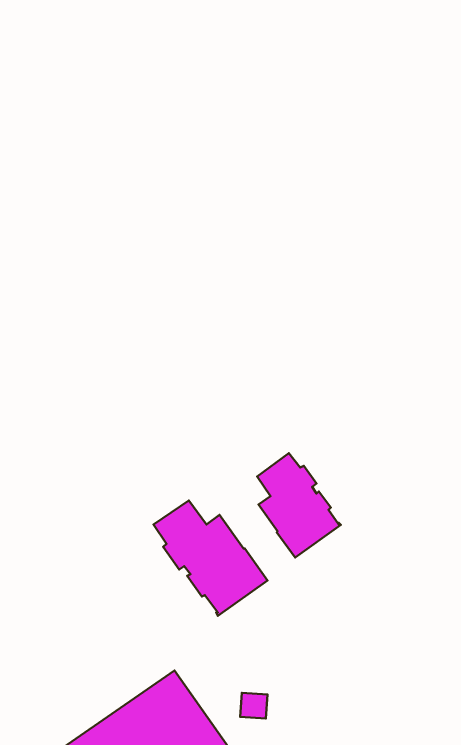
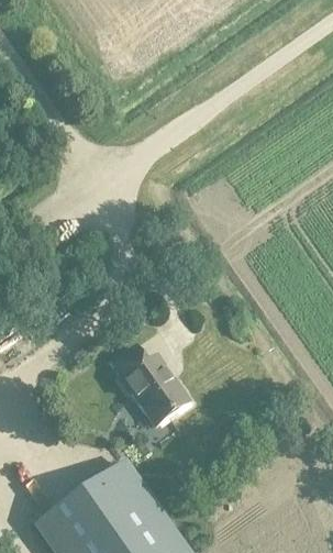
building: [257,453,341,558] -> none

